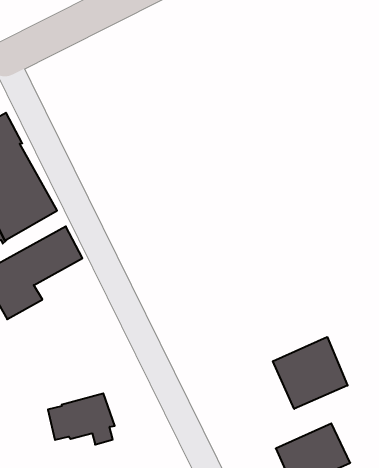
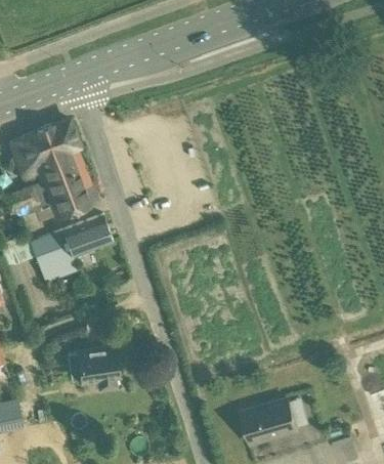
building: [273,337,348,409] -> none

